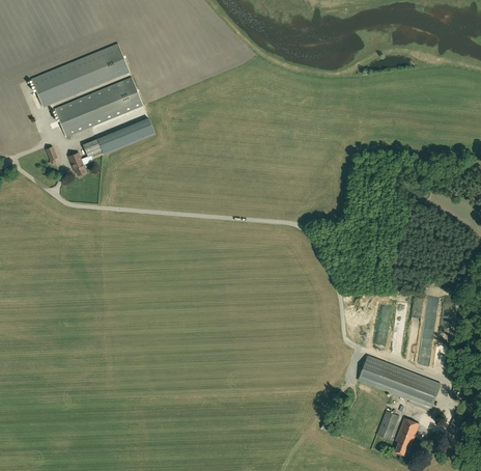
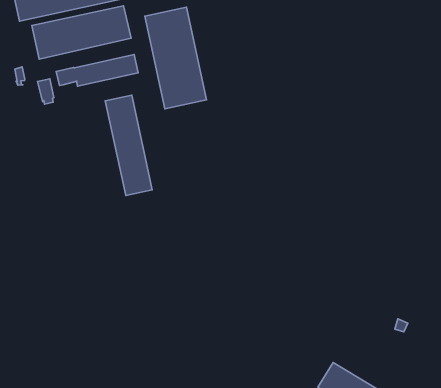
building: none -> [145,7,207,109]
building: none -> [105,95,152,196]

